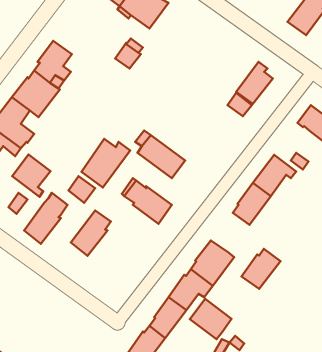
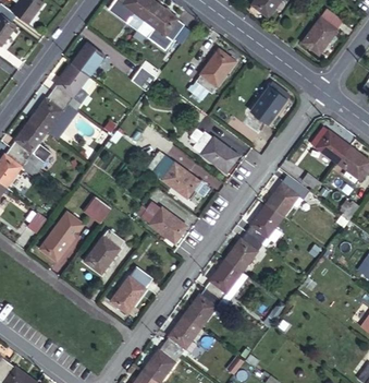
building: none -> [71,41,103,75]
building: none -> [194,48,235,95]
building: none -> [193,131,239,171]
building: [81,139,130,188] -> none
building: [12,155,50,197] -> none
building: none -> [111,264,152,312]
building: [242,249,280,289] -> [225,231,263,271]
building: [190,299,232,339] -> none

